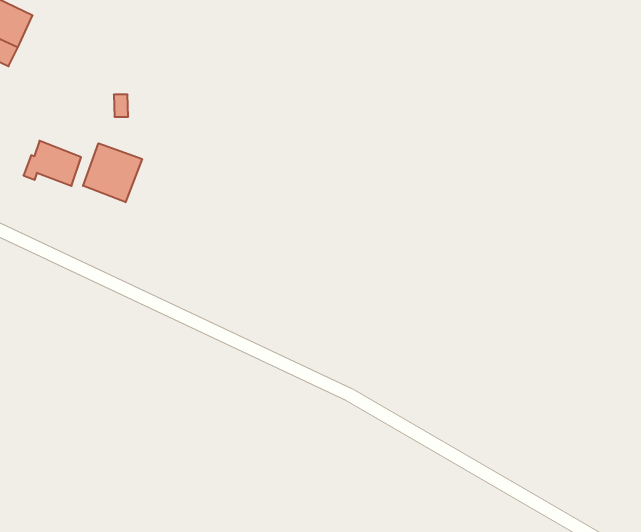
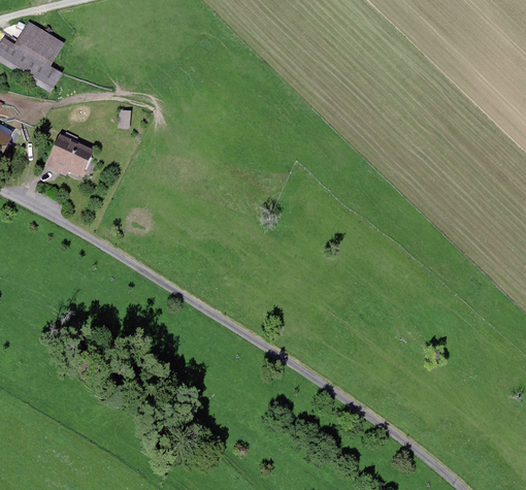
building: [83,143,142,202] -> none

